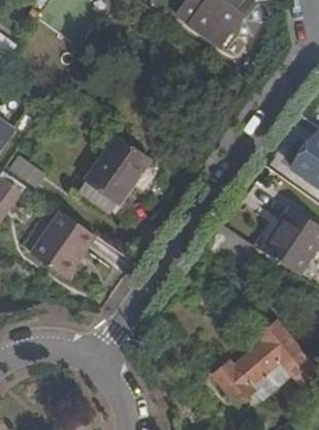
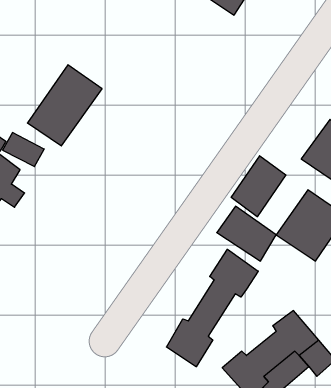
building: [79,135,150,212] -> [27,65,102,146]
building: none -> [231,156,286,217]
building: [30,211,93,276] -> none
building: none -> [166,249,258,367]

